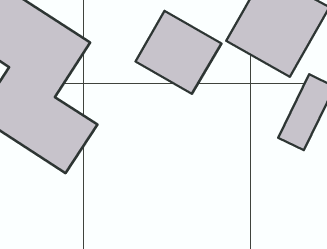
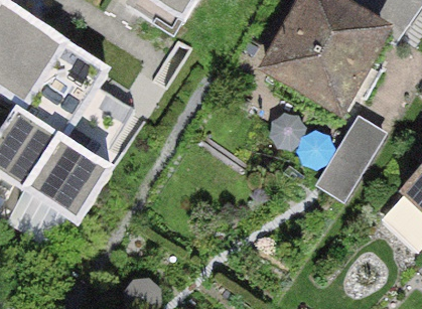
building: [136,11,222,94] -> none

